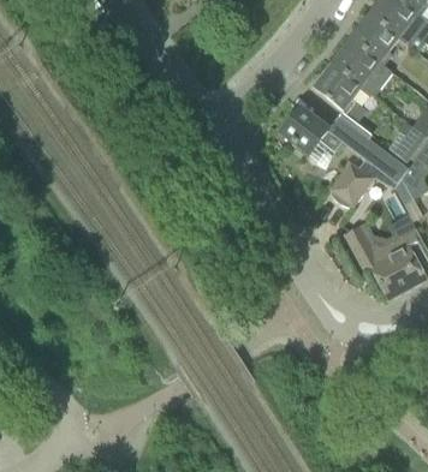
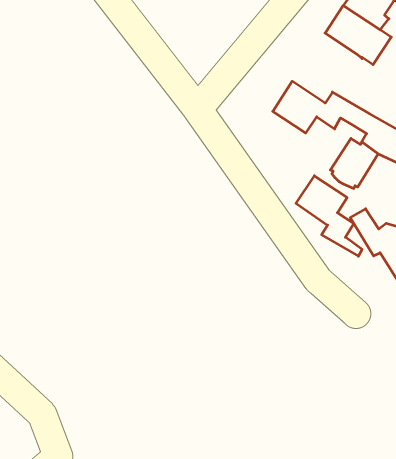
building: [313,64,370,139] -> [296,176,362,256]

